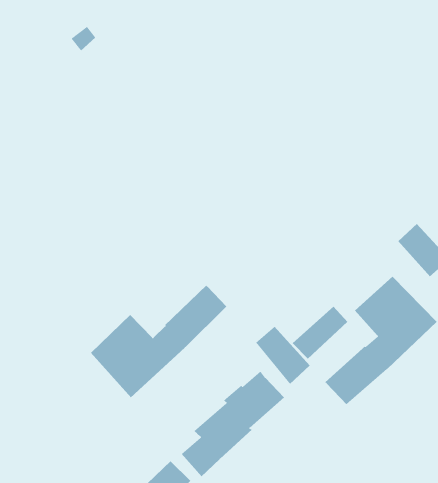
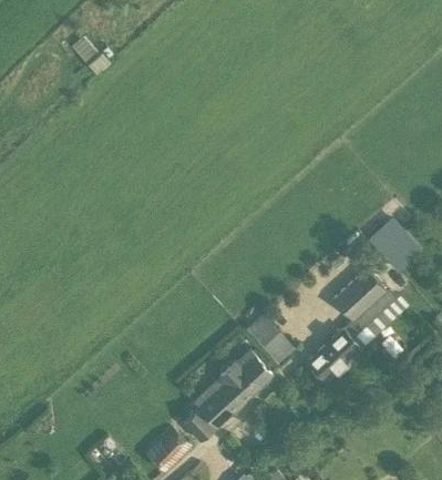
building: [90,284,227,398] -> none
building: [292,306,348,359] -> none

